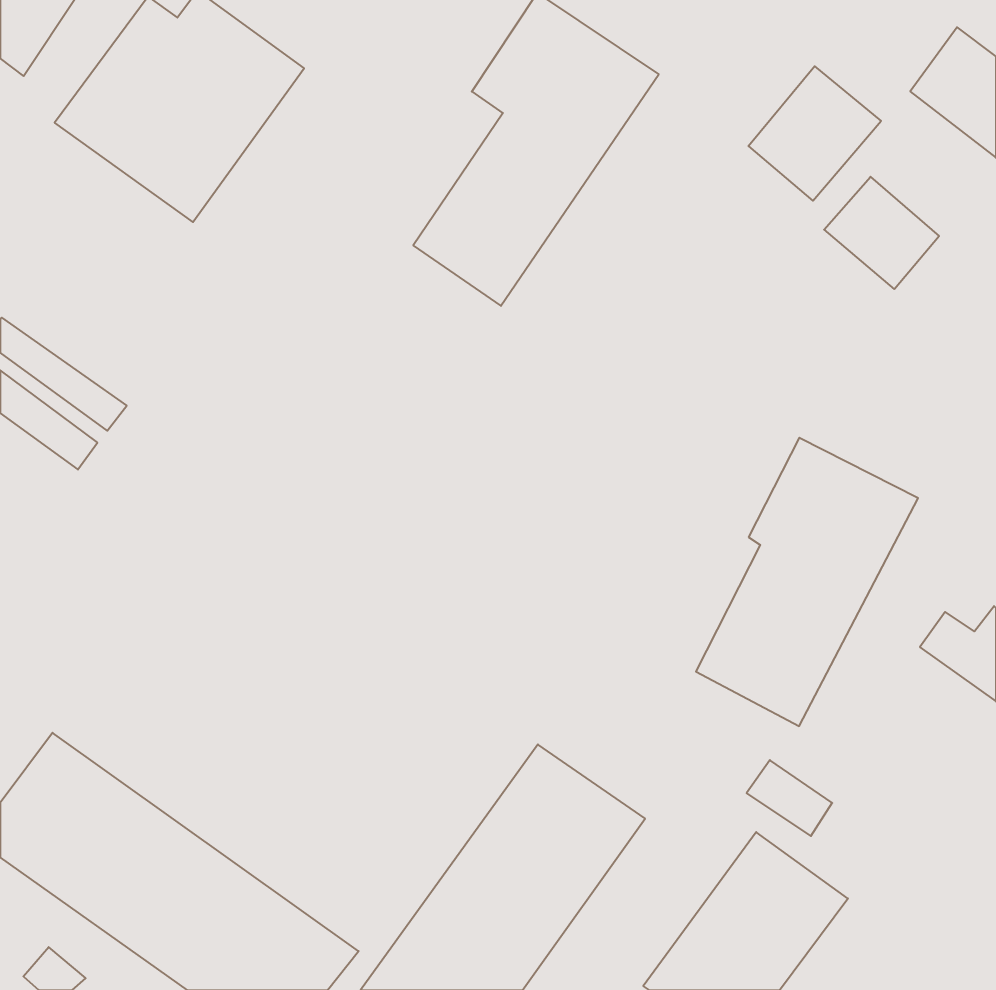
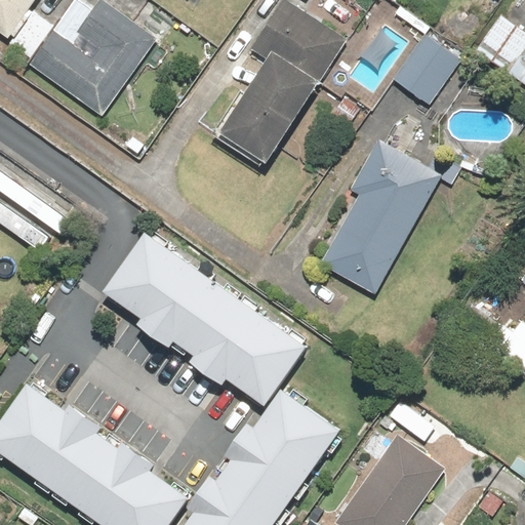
building: [824,177,939,289] -> none
building: [696,438,918,726] -> [322,140,439,292]
building: none -> [100,236,304,407]

